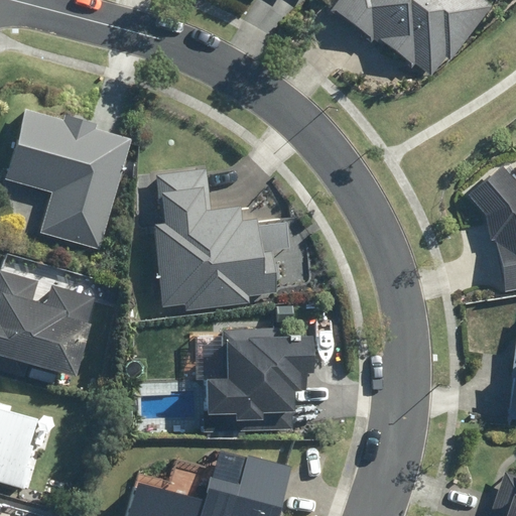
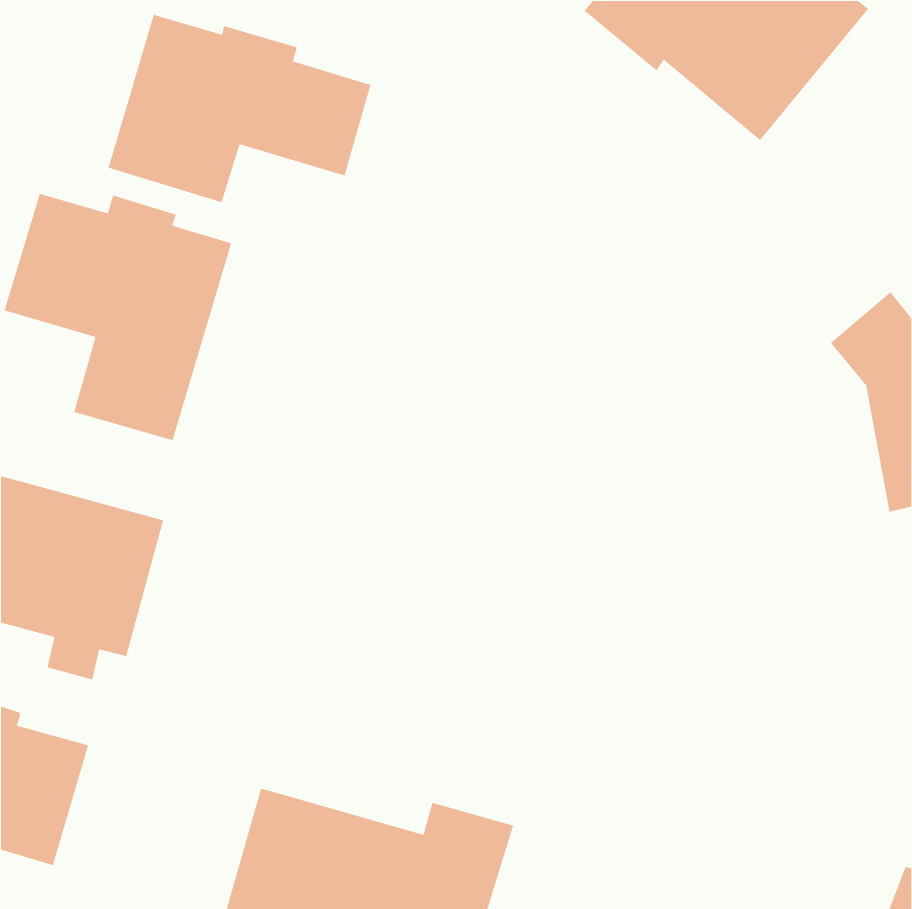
building: none -> [107,14,372,203]
building: [153,167,289,312] -> none
building: [204,330,310,421] -> none

